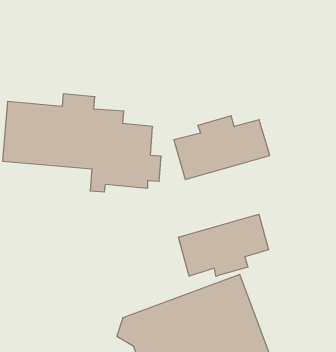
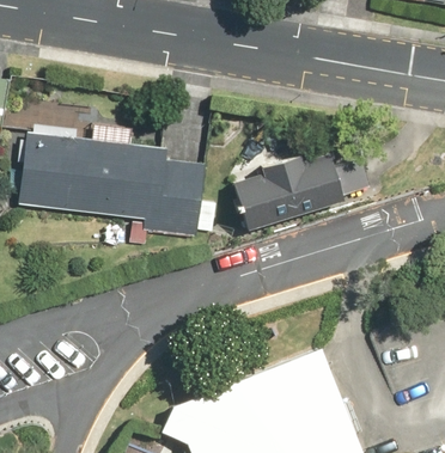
building: [179,214,268,276] -> none

